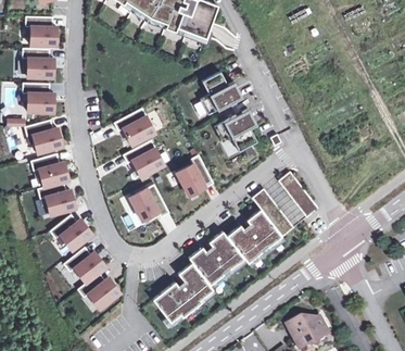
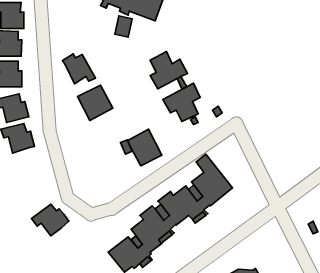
building: none -> [62,54,96,84]
building: [129,146,167,181] -> none
building: [278,170,318,215] -> none
building: [37,179,75,213] -> none
building: [123,183,167,230] -> none
building: [51,212,93,248] -> none
building: [77,271,121,306] -> none

